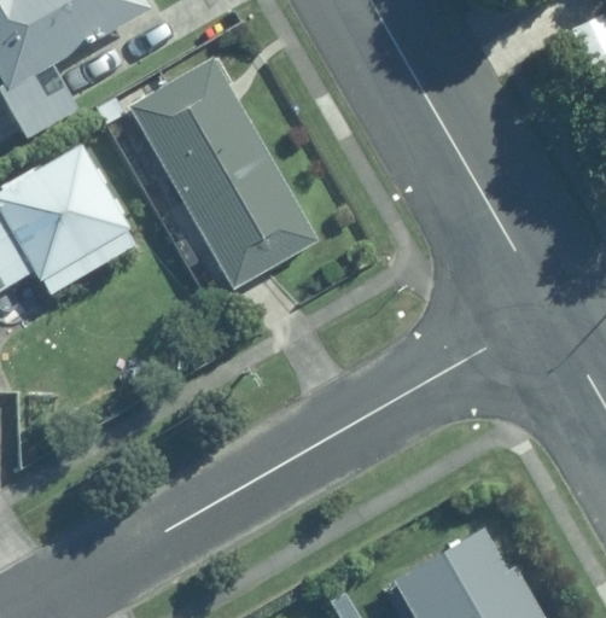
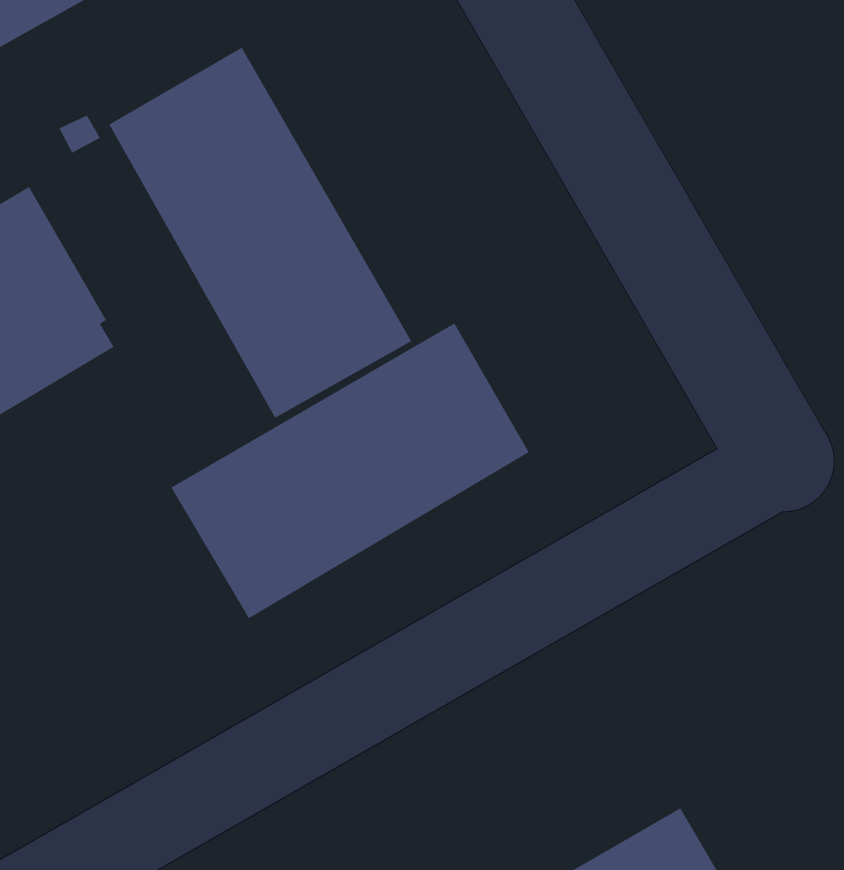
building: none -> [170,323,530,619]

